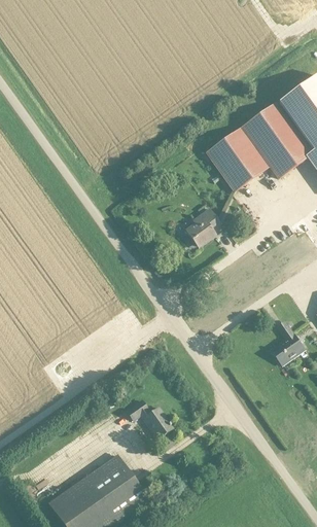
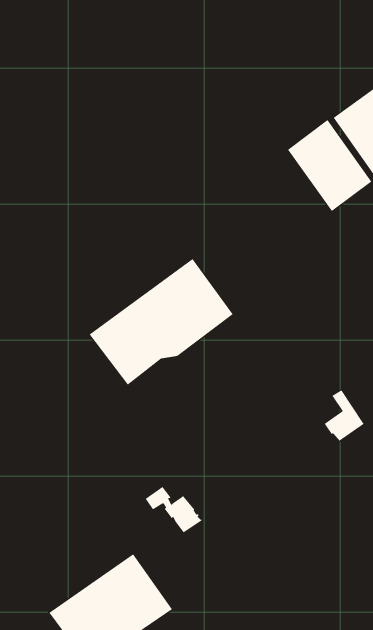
building: [206,128,267,190] -> none
building: [185,208,219,245] -> none
building: none -> [89,258,233,385]

